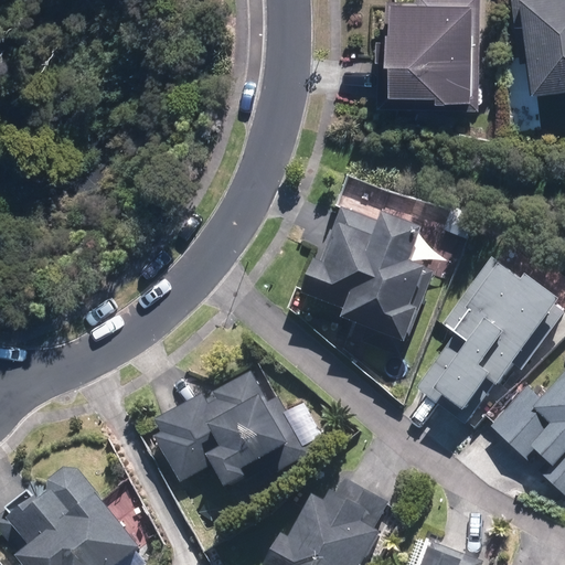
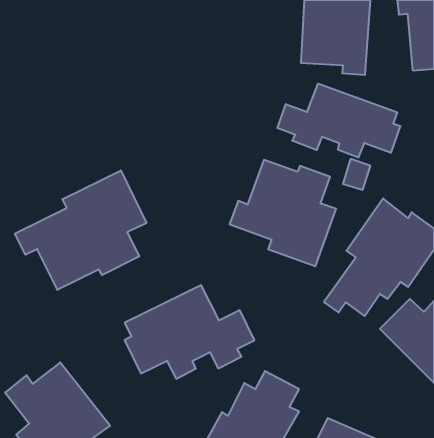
building: none -> [277,84,400,158]
building: none -> [15,170,146,290]

